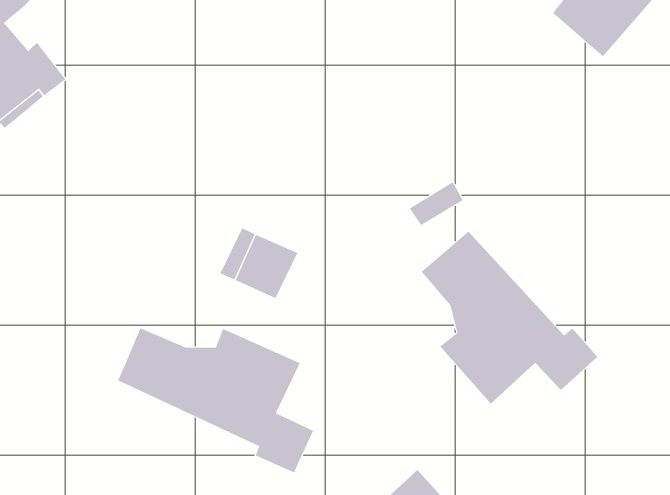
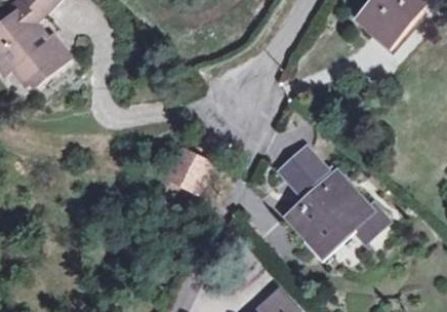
building: [118,327,314,473] -> none

